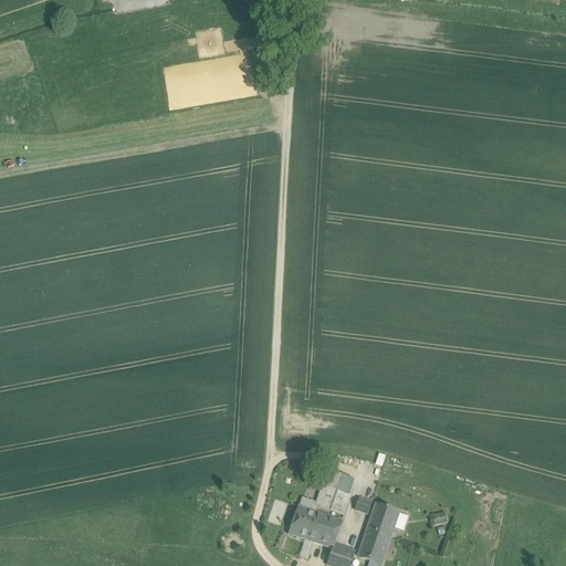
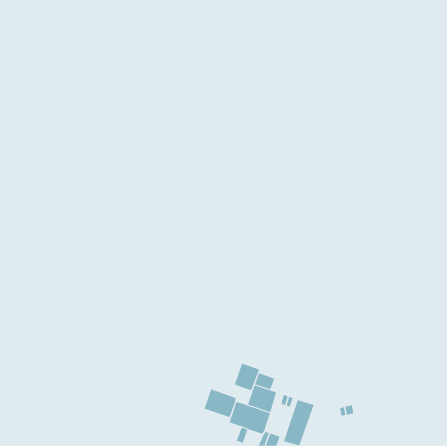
building: none -> [234,363,260,391]
building: none -> [204,388,236,418]

